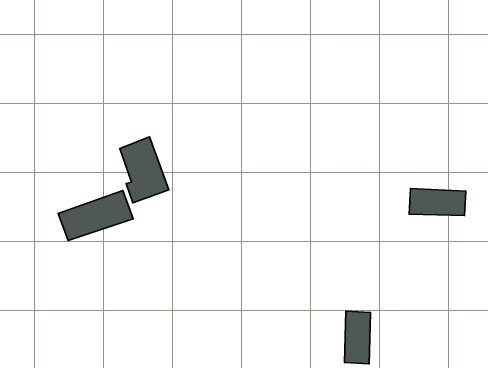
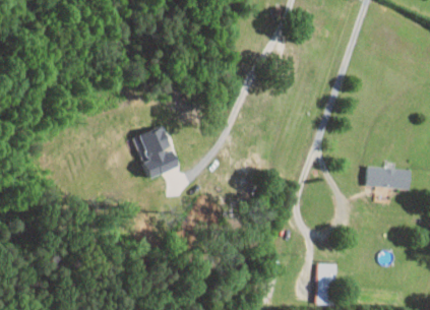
building: [58,190,133,241] -> none

